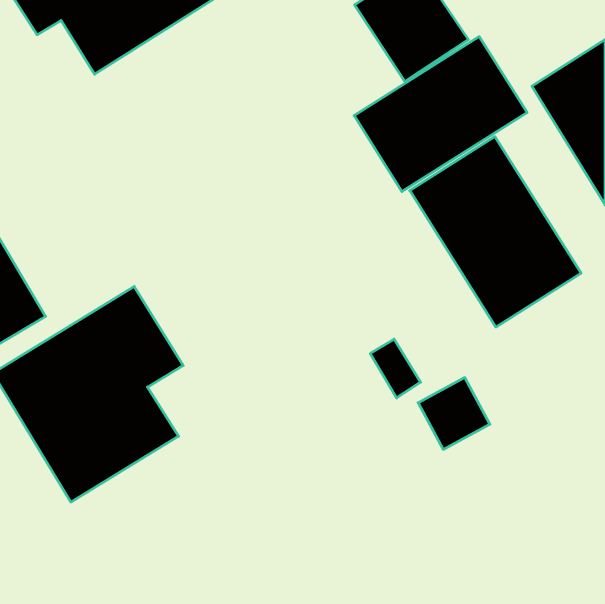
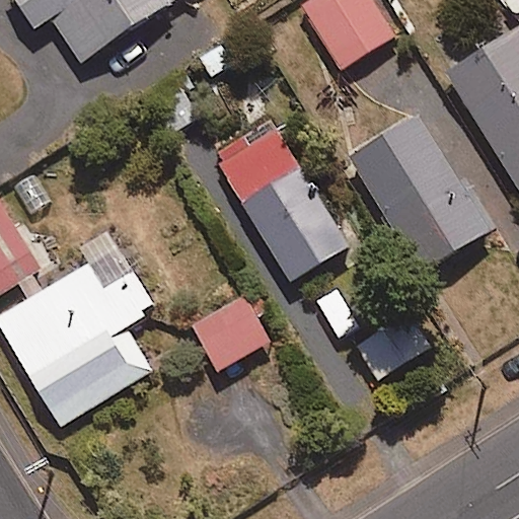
building: [354,37,527,192] -> none
building: none -> [172,118,349,281]
building: none -> [191,295,269,370]

